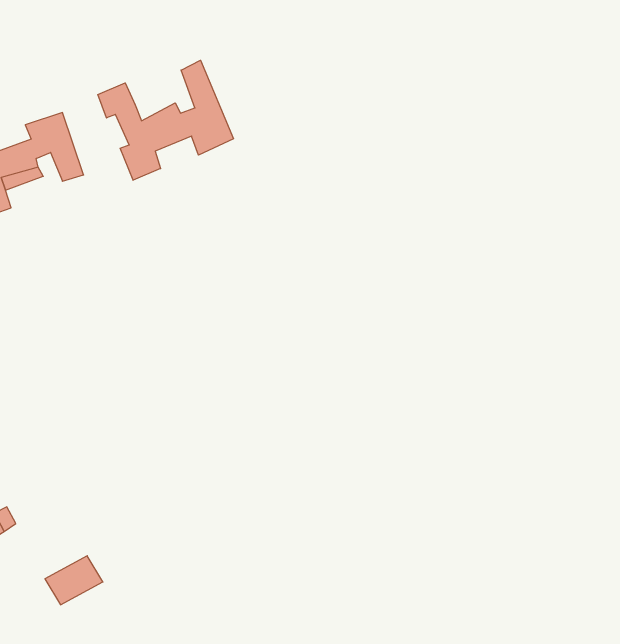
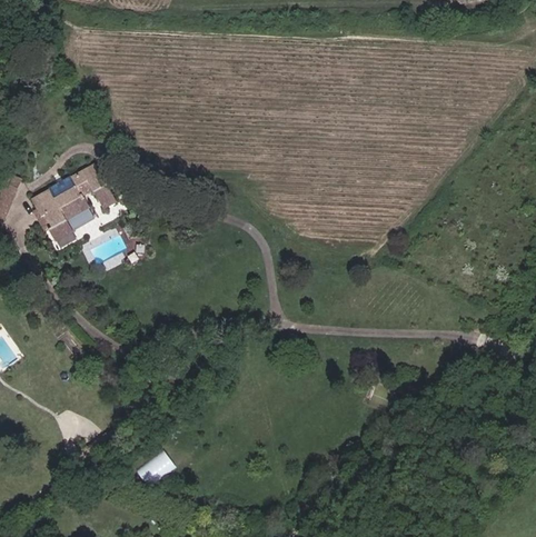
building: [98,60,234,180] -> none

